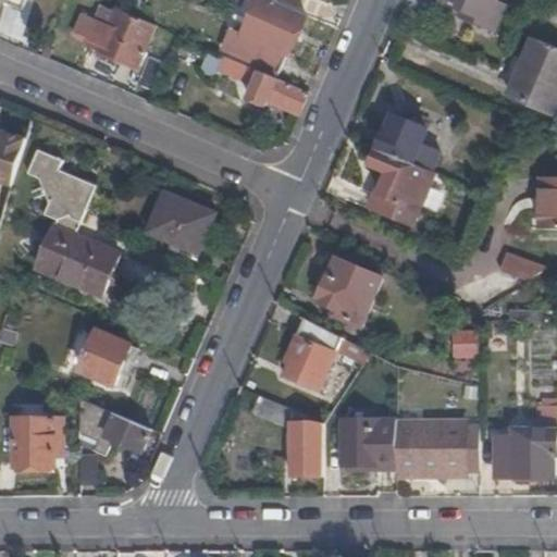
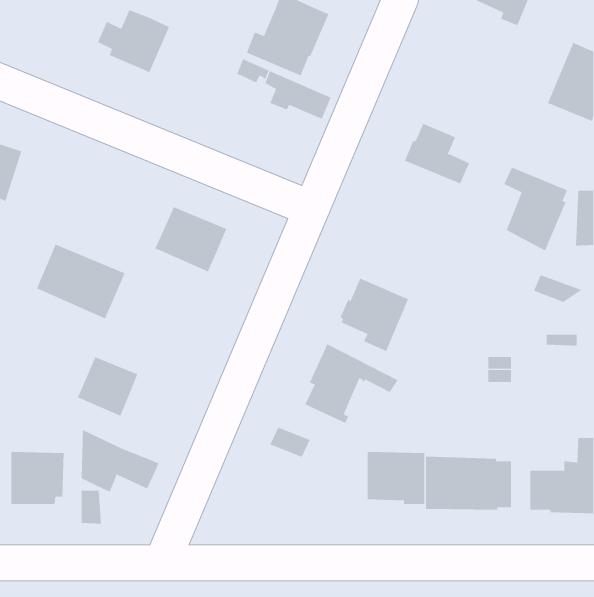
building: [368,149,428,227] -> [503,167,568,251]
building: [25,150,95,223] -> none
building: [289,421,322,476] -> none

